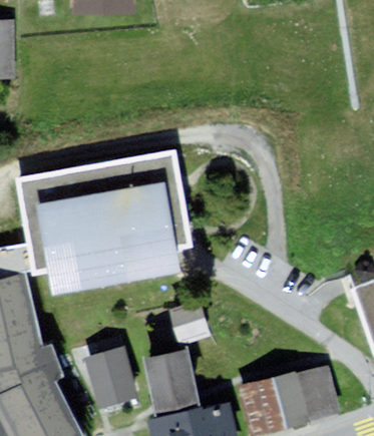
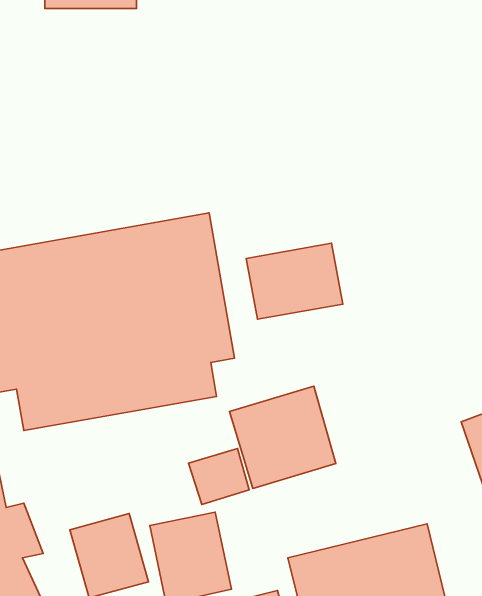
building: none -> [246,243,343,319]
building: none -> [229,386,336,488]

